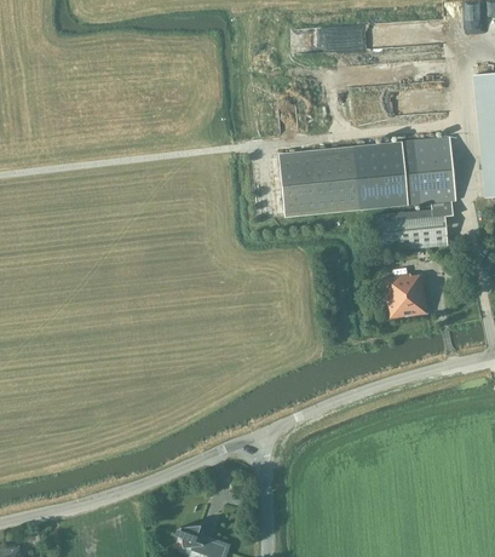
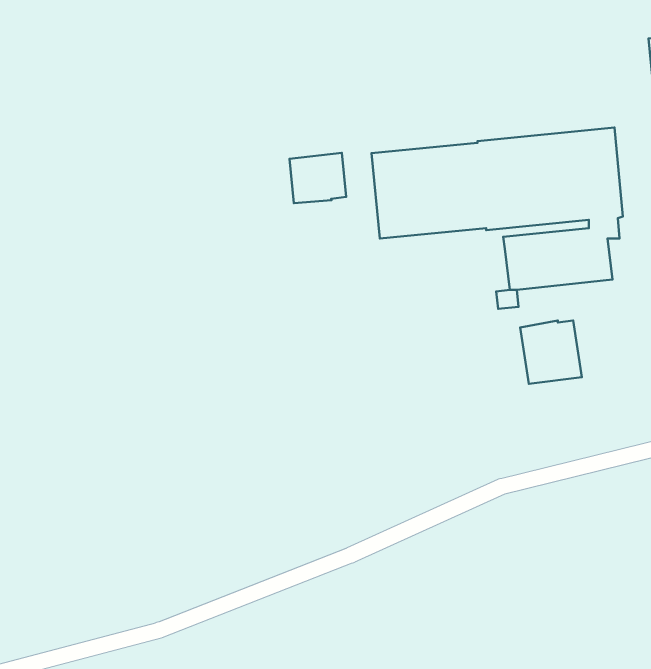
building: none -> [289,153,346,203]

